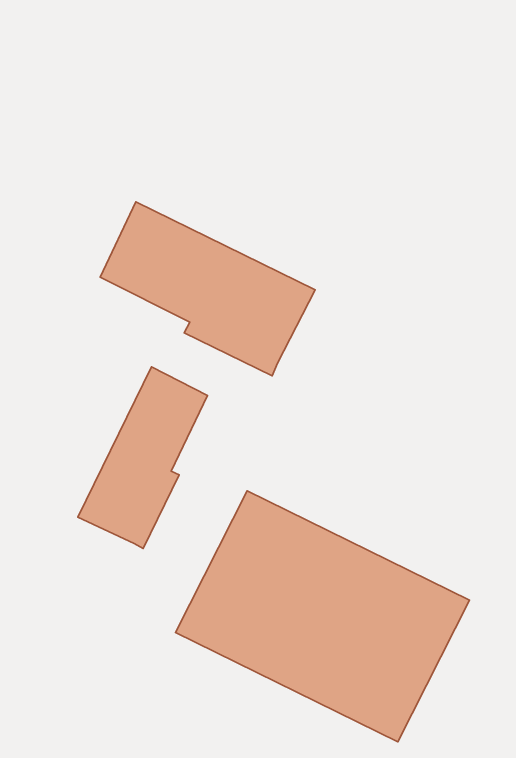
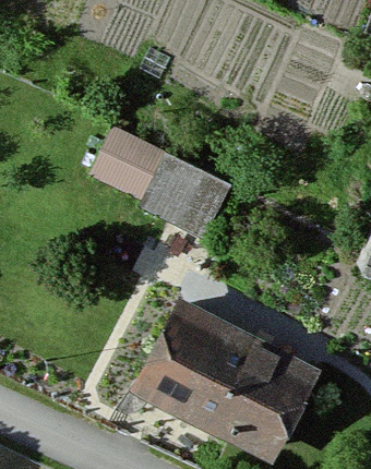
building: [78,367,207,549] -> none

